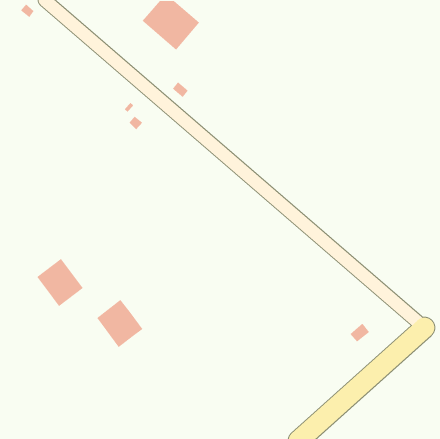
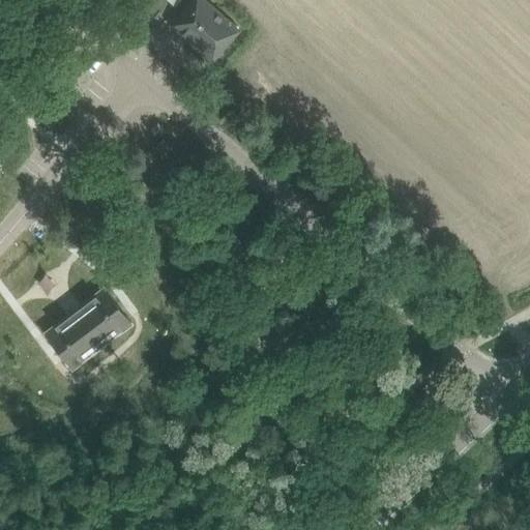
building: [96,299,144,348] -> [73,289,130,348]

